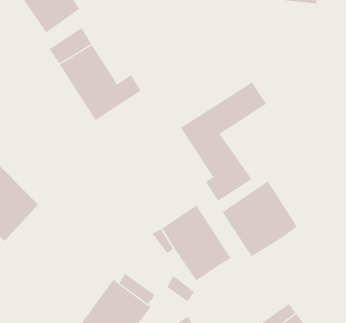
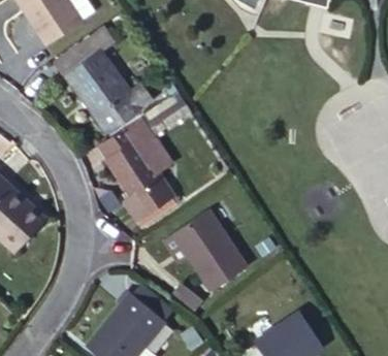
building: [180,82,267,201] -> [101,97,190,220]
building: [222,181,297,257] -> none

